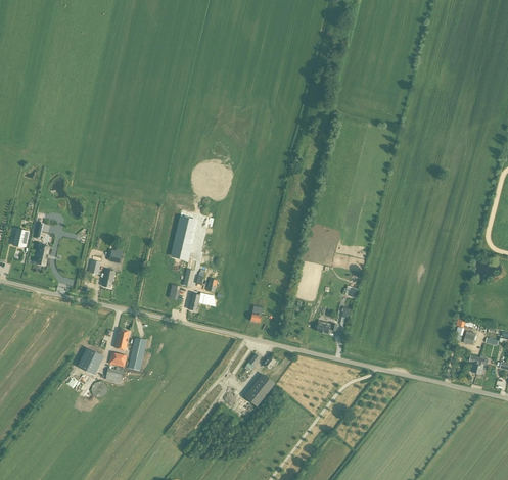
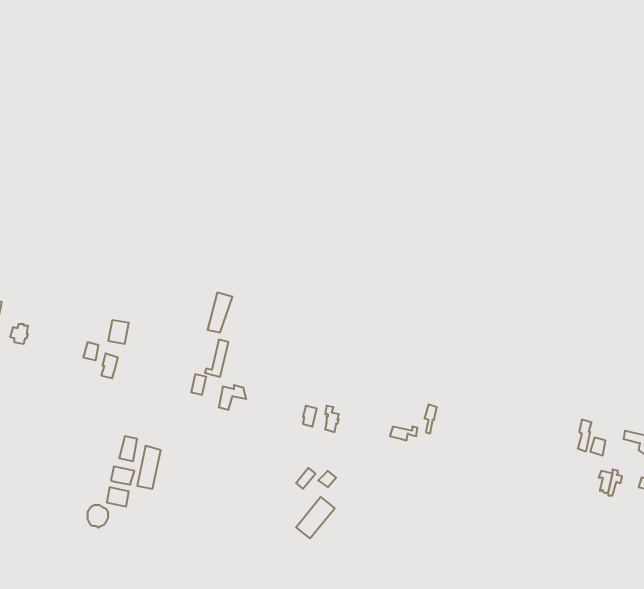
building: [78,347,104,375] -> none

